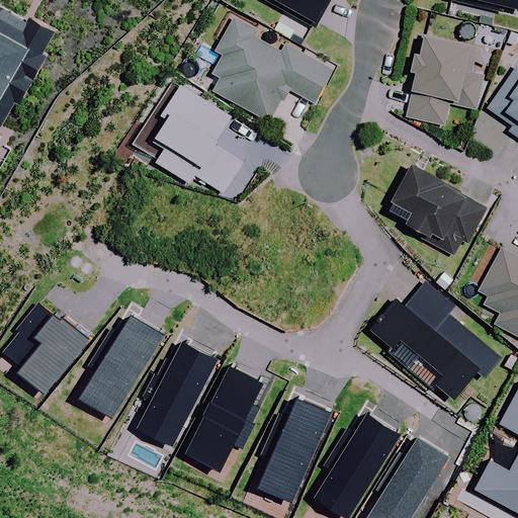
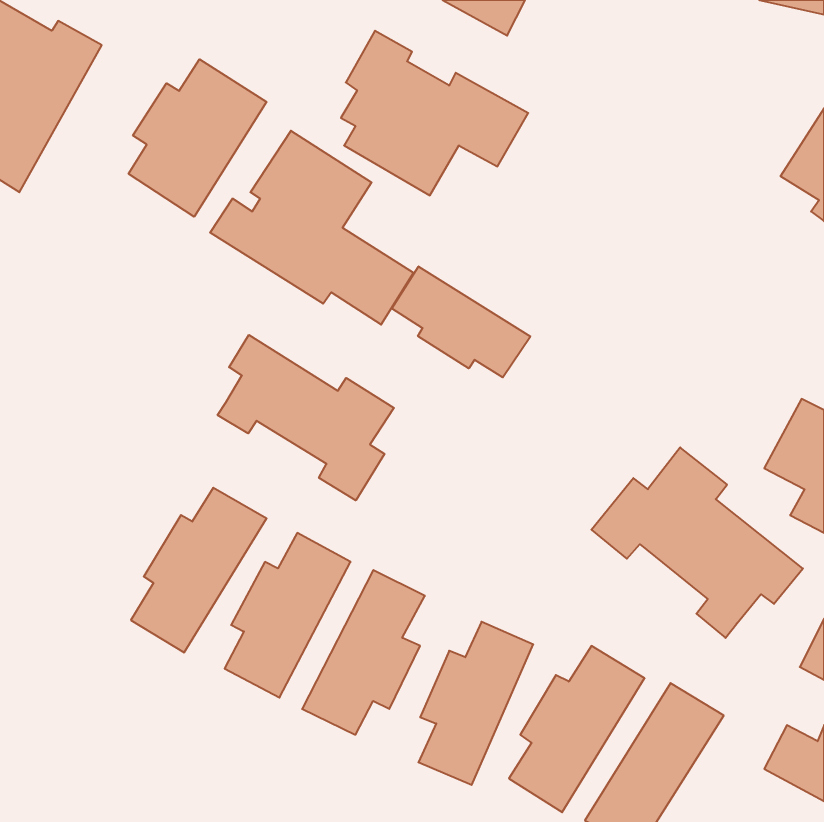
building: [407,37,484,126] -> none
building: none -> [129,59,266,217]
building: [392,167,487,261] -> none
building: none -> [392,266,530,377]
building: none -> [218,335,394,500]
building: [6,299,92,386] -> none

